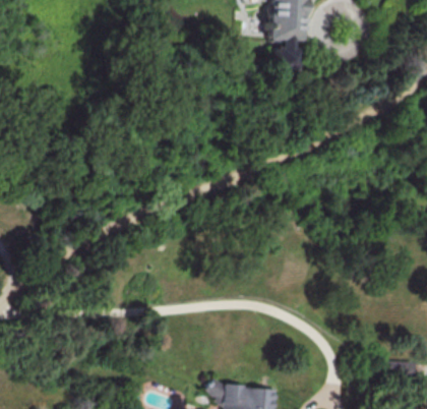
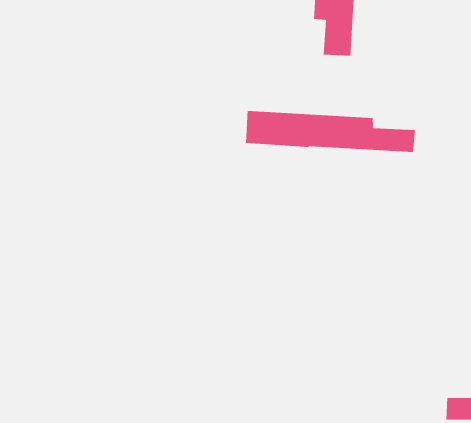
building: none -> [245,110,415,153]

